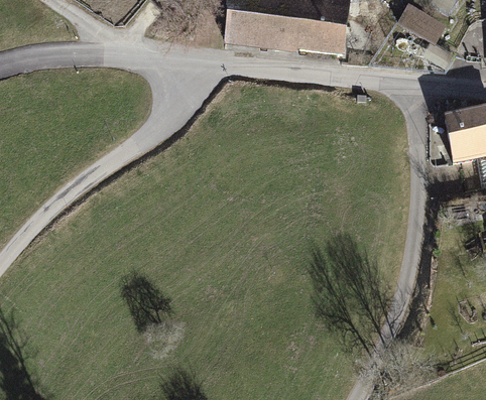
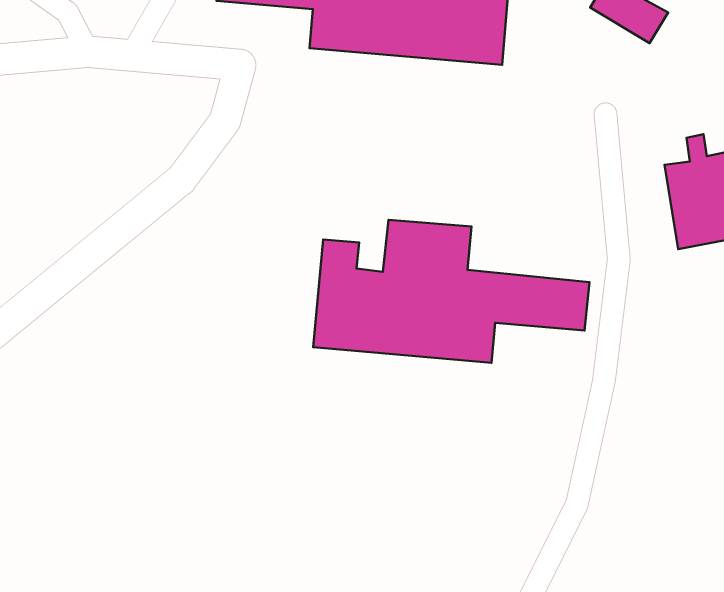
building: none -> [313,220,589,363]

